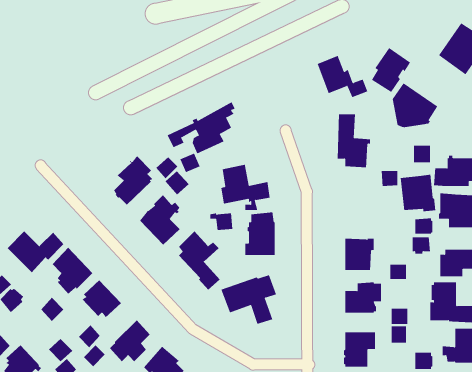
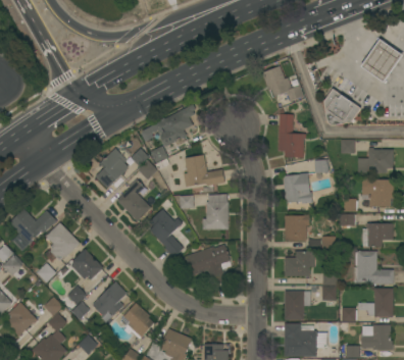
building: [371,47,411,93] -> none
building: [400,174,436,212] -> [283,173,312,204]

